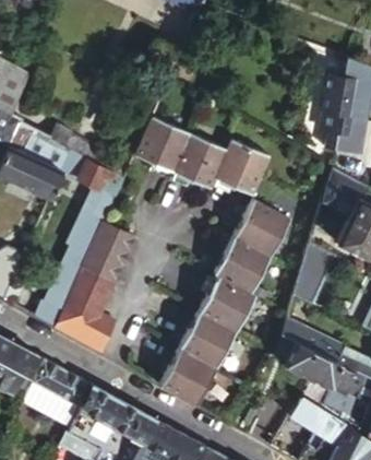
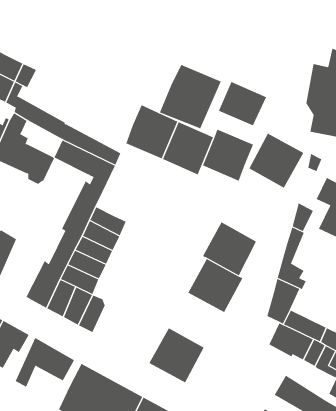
building: none -> [159,64,222,129]
building: none -> [218,81,267,126]
building: [235,200,292,258] -> [248,133,304,189]
building: [180,311,238,368] -> none

